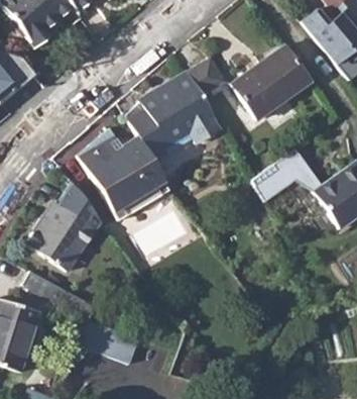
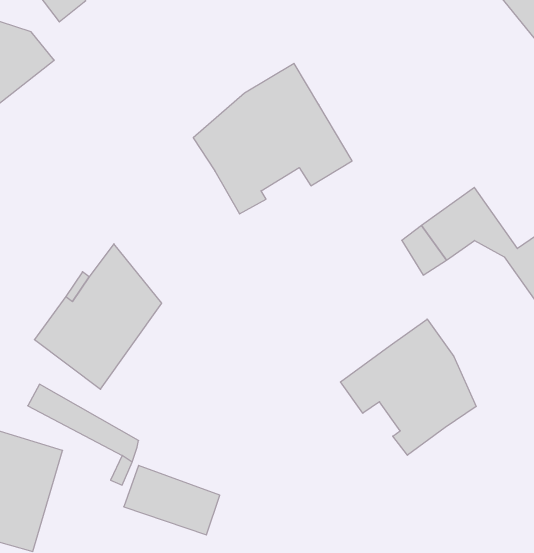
building: [231,45,310,120] -> none
building: [185,59,223,98] -> none
building: [78,130,170,221] -> none
building: none -> [340,319,476,455]

